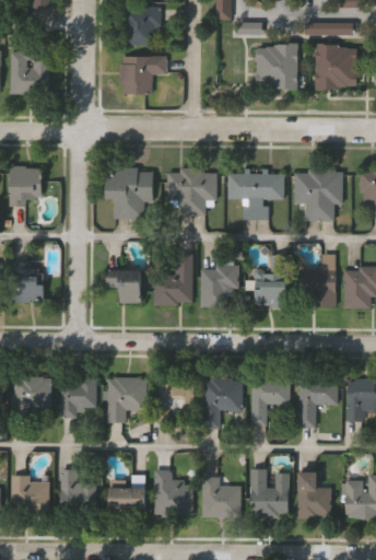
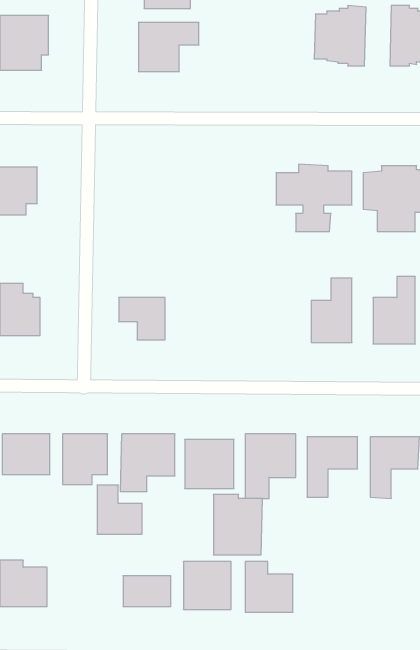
building: [105,165,154,218] -> none
building: [165,166,218,213] -> none
building: [153,254,191,303] -> none
building: [199,266,238,305] -> none
building: [60,468,95,506] -> [97,485,142,534]
building: [250,468,289,515] -> [213,494,263,555]
building: [296,470,330,516] -> none

